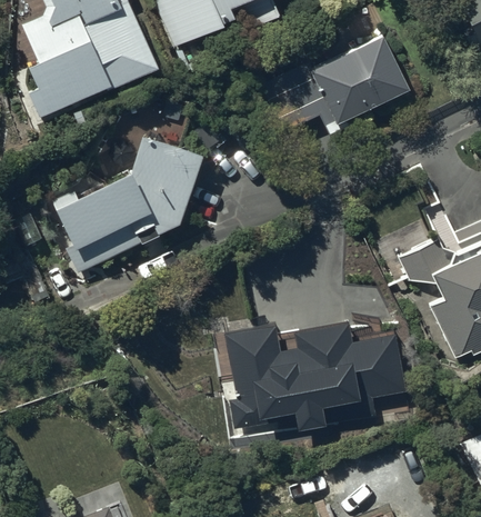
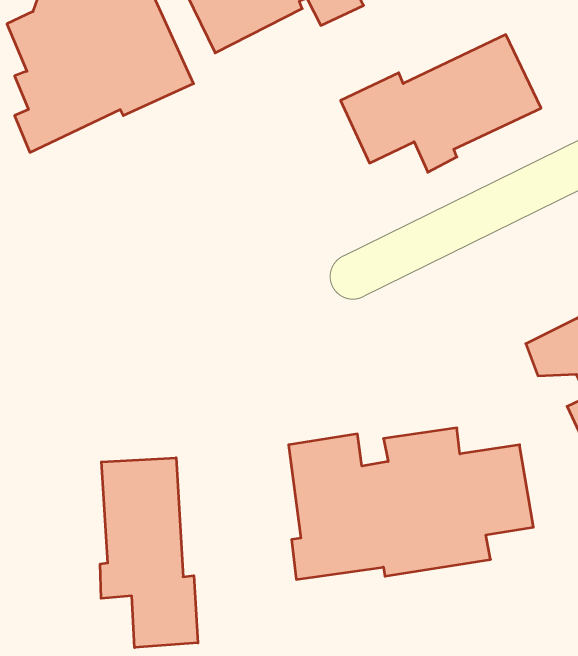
building: [53,135,204,272] -> none
building: none -> [100,458,198,648]

